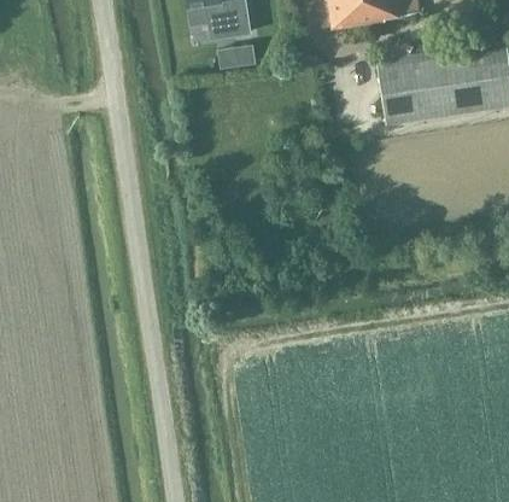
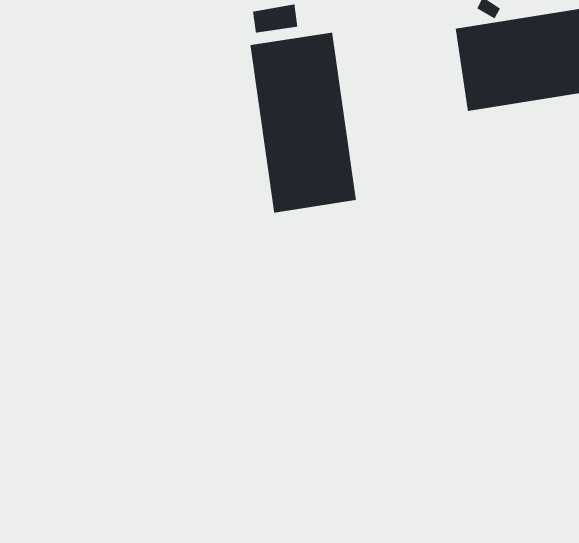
building: none -> [250,32,357,213]

